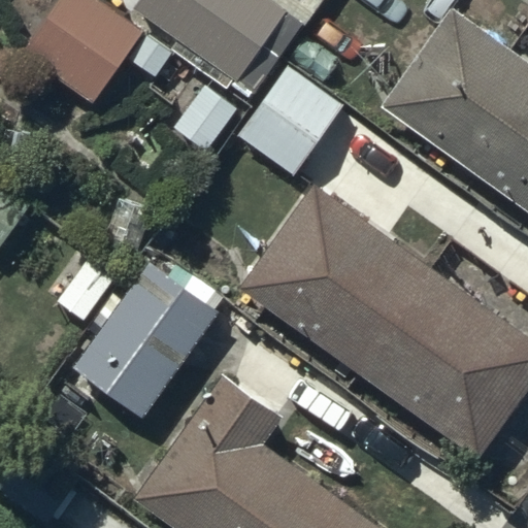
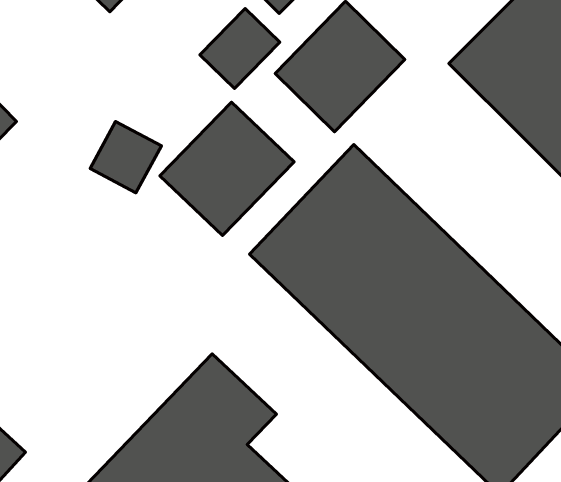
building: none -> [160,102,294,236]
building: [72,263,218,419] -> none

